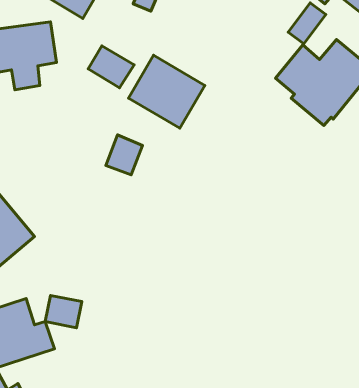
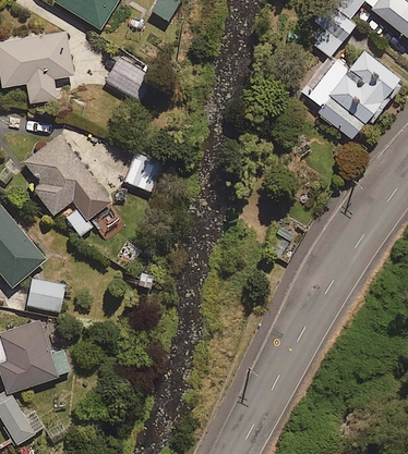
building: [129,55,205,128] -> none
building: none -> [24,135,110,234]
building: [45,295,82,328] -> [26,278,64,311]

